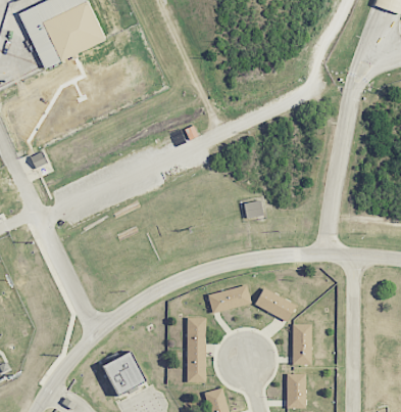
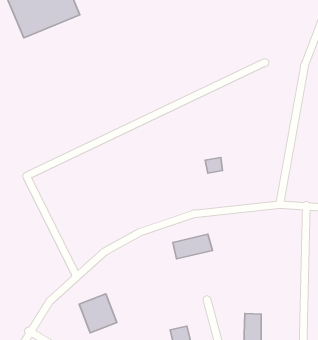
building: [255,288,296,321] -> none
building: [187,317,207,382] -> none
building: [292,324,312,365] -> none

